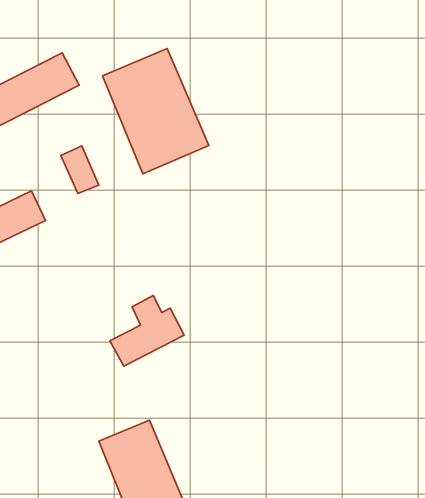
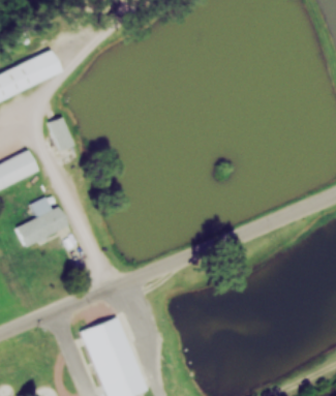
building: [102,48,209,174] -> none
building: [110,296,184,366] -> [14,195,69,247]

